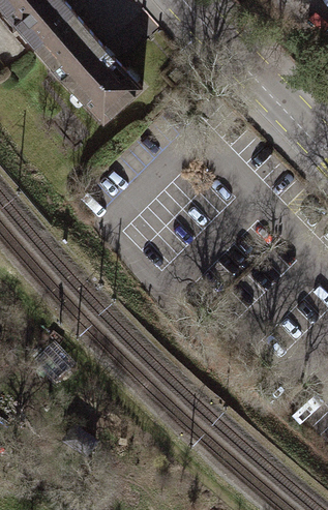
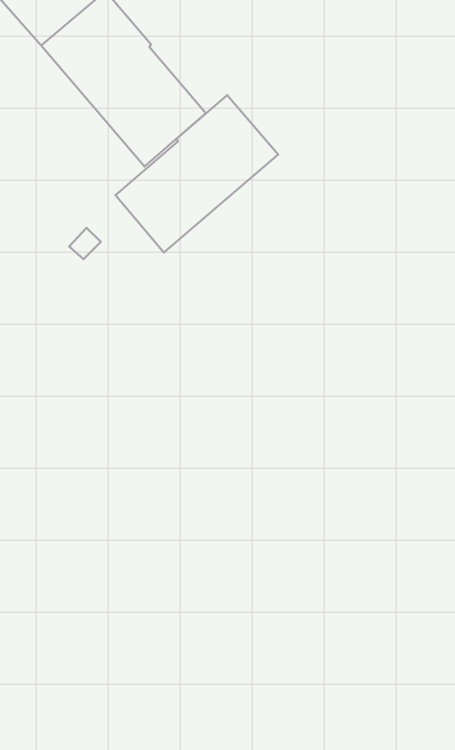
building: none -> [115,95,278,252]

